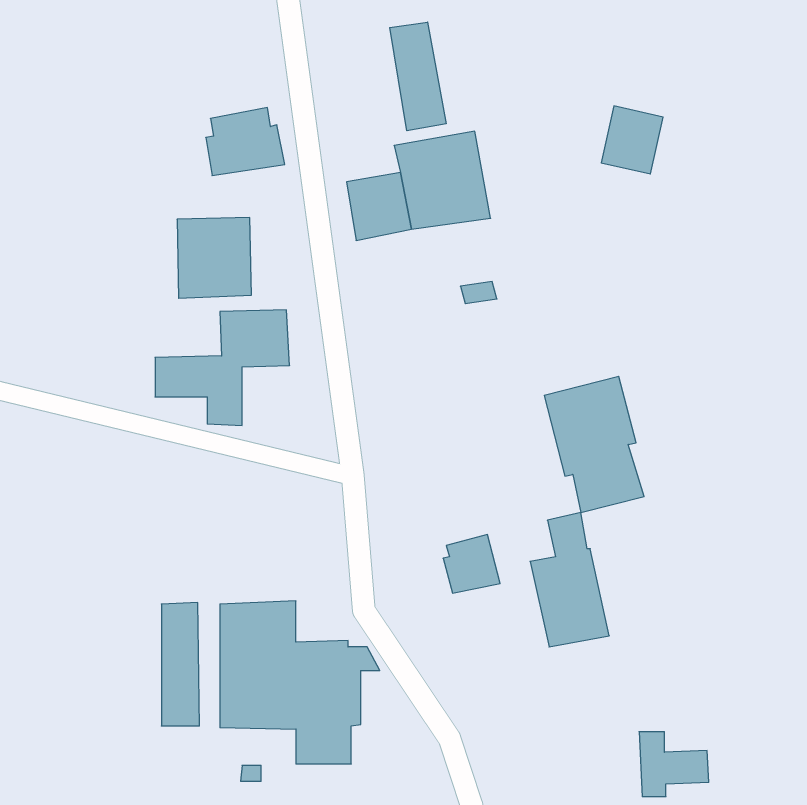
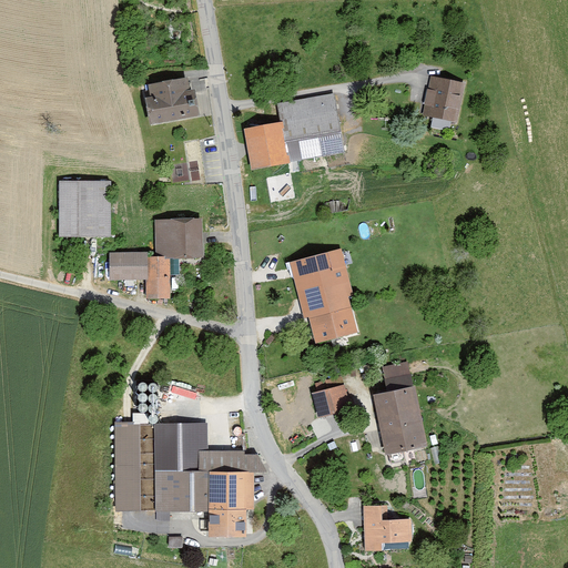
building: [390,22,446,131] -> none
building: [177,218,251,298] -> [59,180,111,236]
building: [544,376,644,512] -> [288,247,358,343]
building: [639,732,709,797] -> [363,505,412,550]

